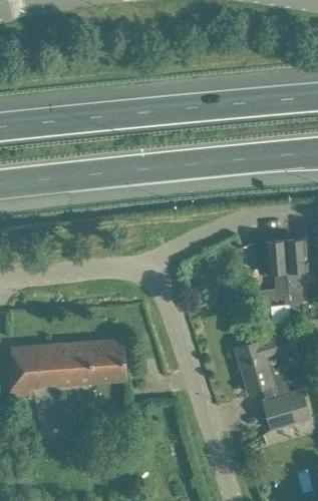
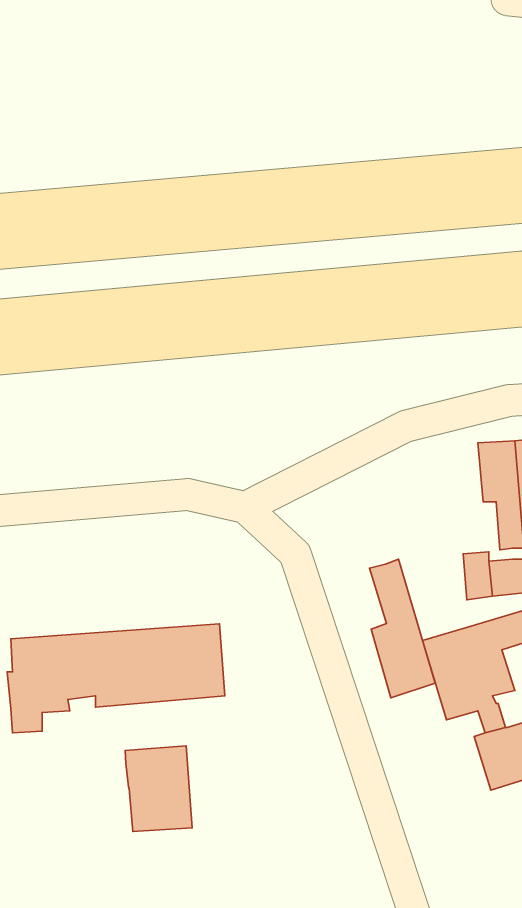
building: none -> [369,559,435,698]
building: none -> [125,746,192,832]

